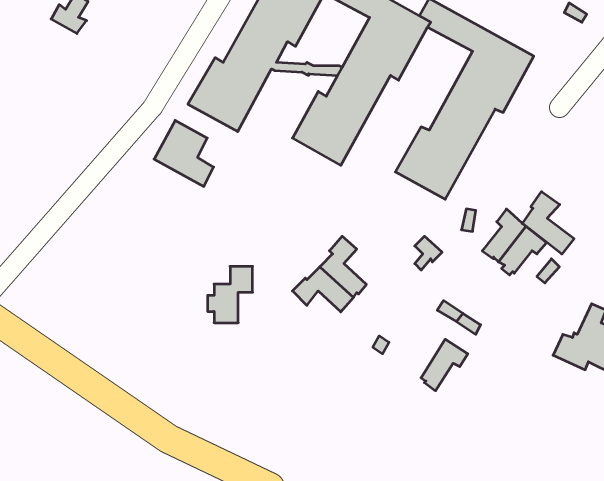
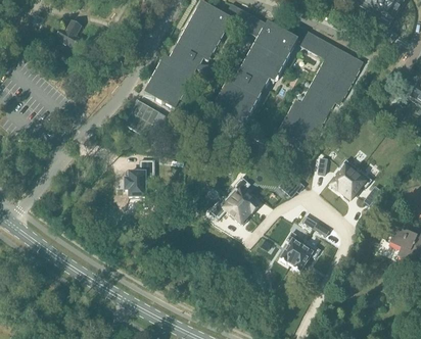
building: [522,192,574,254] -> none
building: [208,266,253,323] -> [125,159,153,195]
building: none -> [280,232,307,264]

